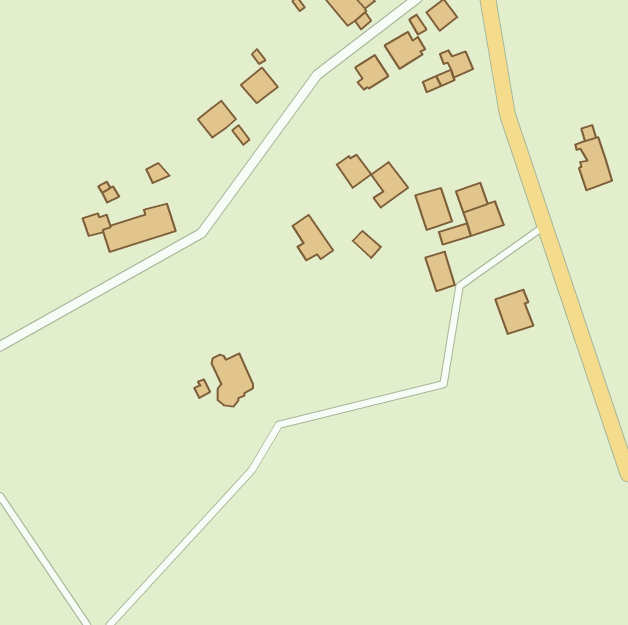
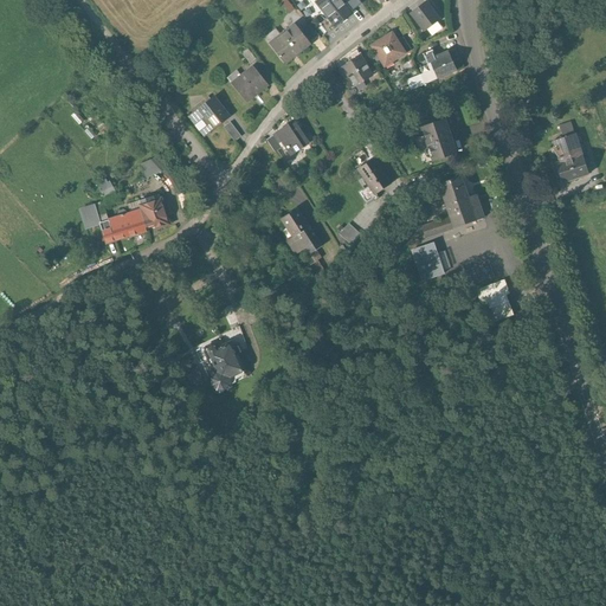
building: none -> [271,22,310,62]
building: [337,155,371,188] -> [276,122,309,154]
building: [415,188,452,230] -> [421,118,457,159]

